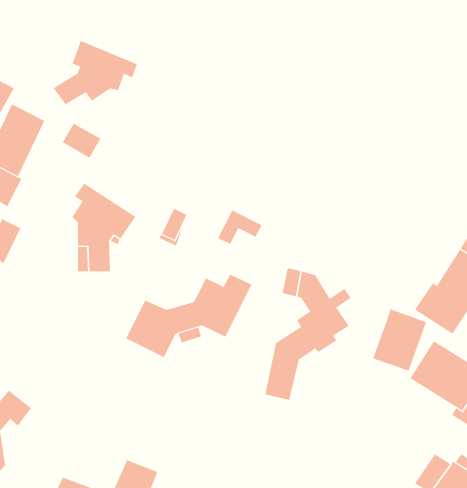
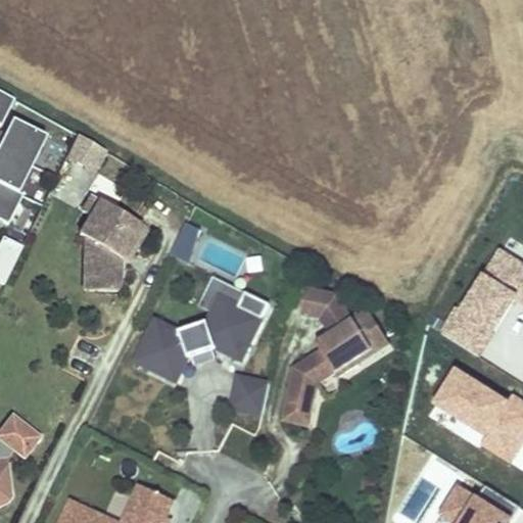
building: [53,40,137,105] -> none
building: [217,210,263,244] -> [196,277,244,314]
building: [372,309,427,371] -> none
building: none -> [230,377,268,416]

